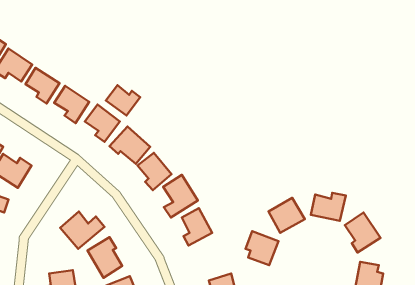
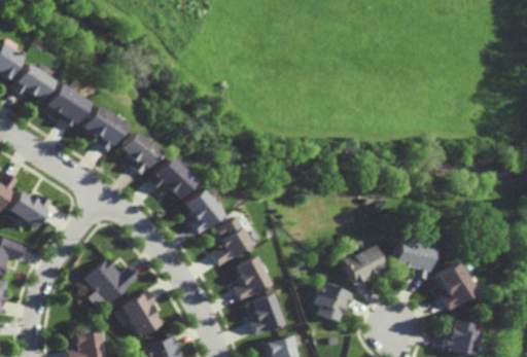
building: [106,85,140,116] -> none
building: none -> [251,292,286,334]

